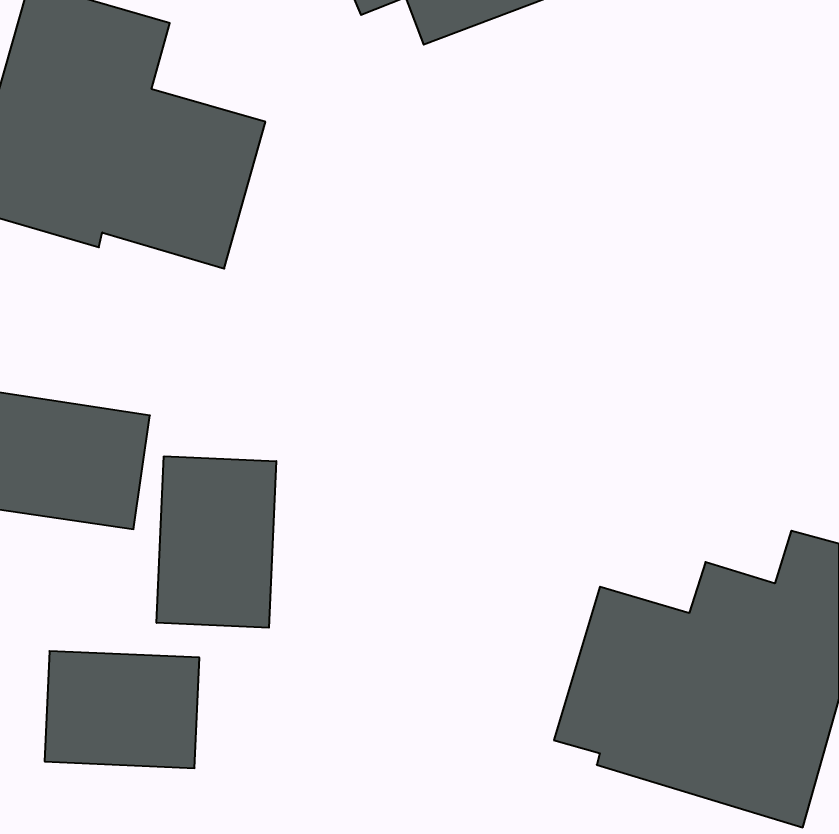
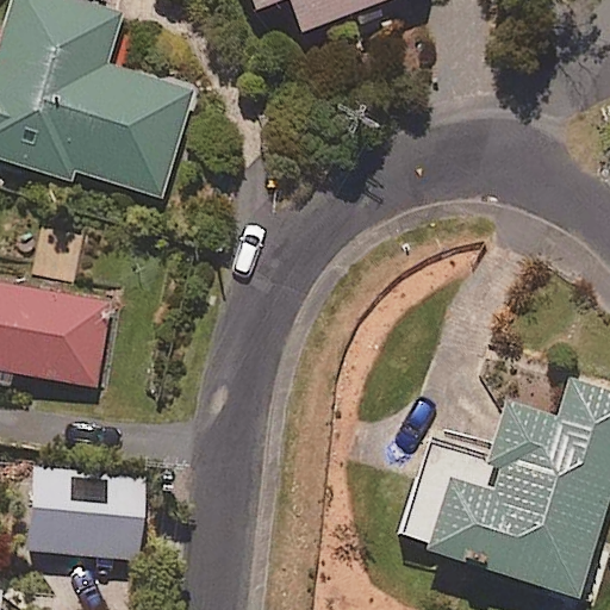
building: [157,456,276,628] -> none

